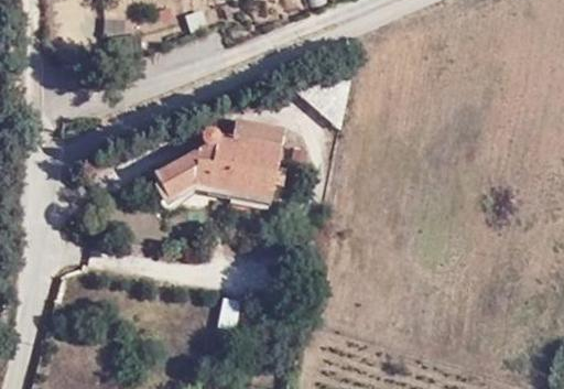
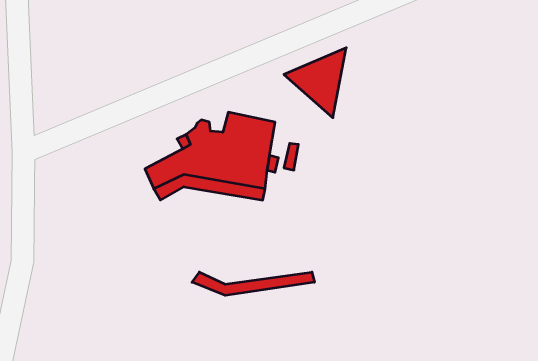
building: none -> [192,272,314,295]

